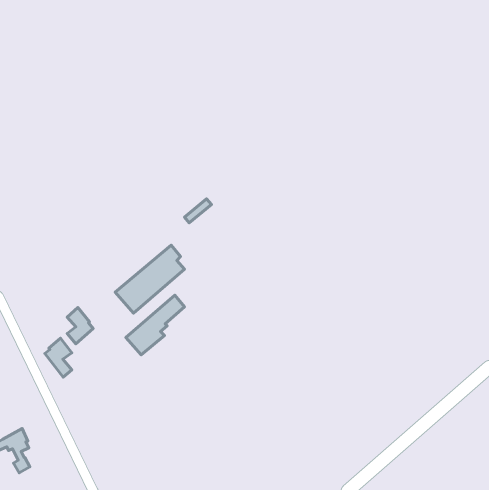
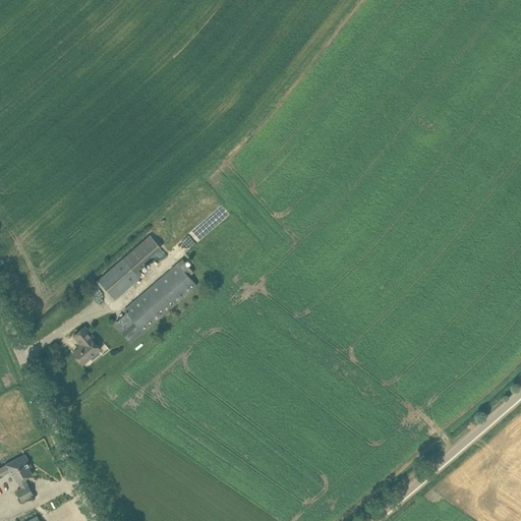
building: [126,295,185,355] -> [97,236,159,299]
building: [45,338,72,377] -> none

